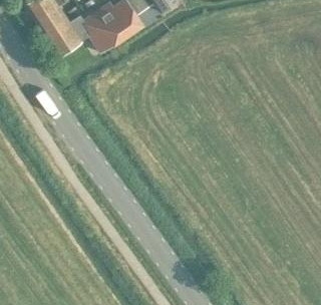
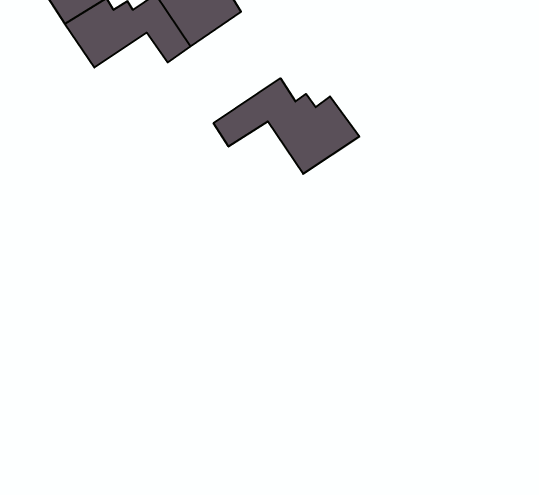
building: none -> [214,78,359,174]

